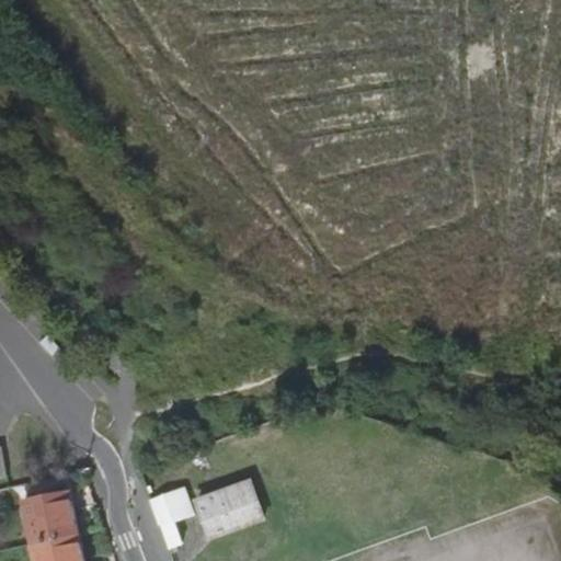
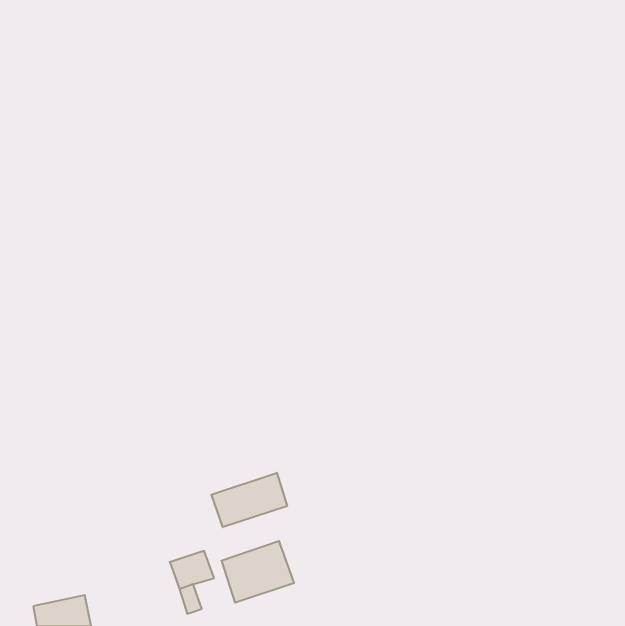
building: none -> [211,473,287,527]
building: [20,489,76,540] -> none

